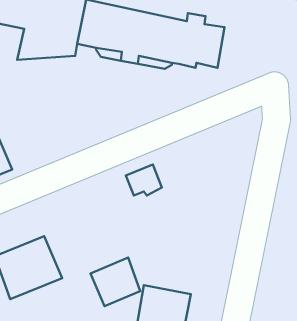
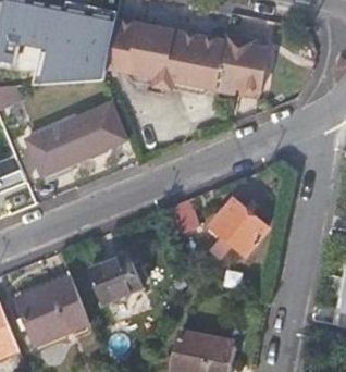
building: none -> [26,102,126,173]
building: none -> [206,196,268,258]
building: [90,257,140,306] -> [88,250,143,303]

